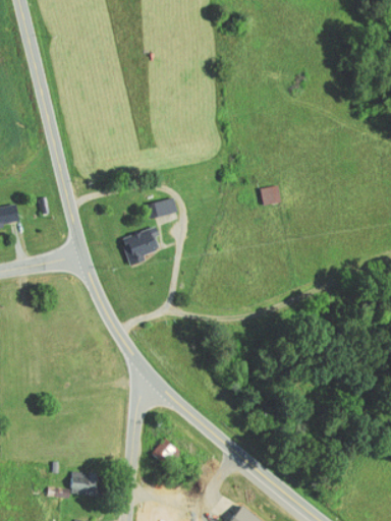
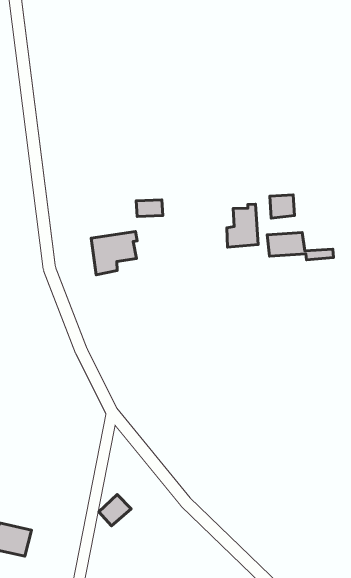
building: none -> [227,204,258,247]
building: none -> [267,232,334,260]

